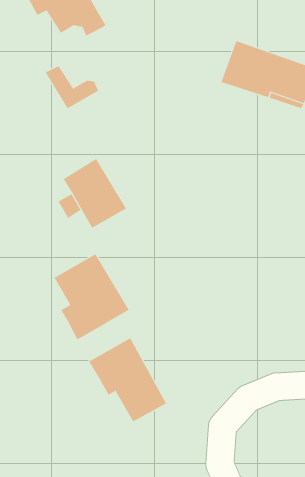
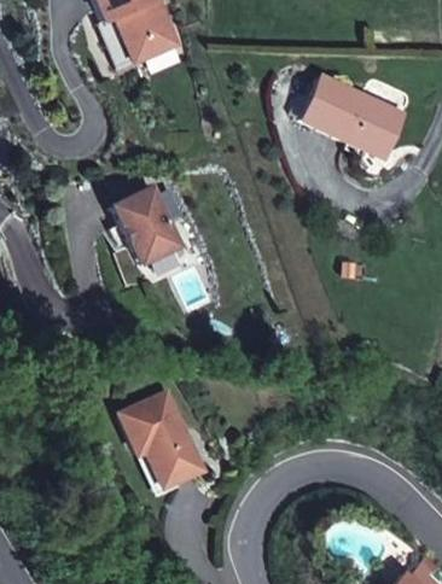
building: [45,65,99,109] -> [98,21,156,70]
building: [54,253,129,340] -> none

